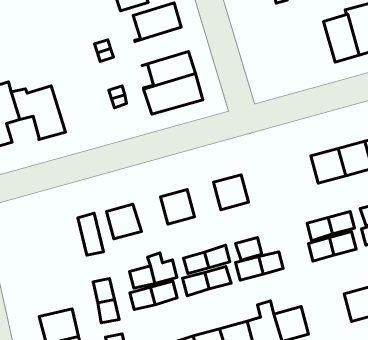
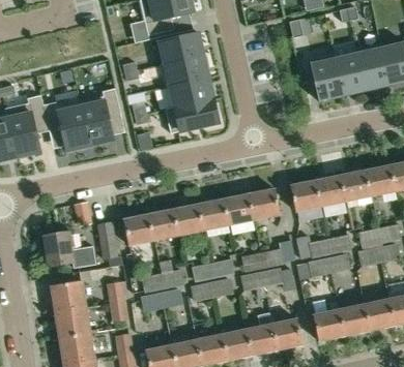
building: none -> [310,57,343,100]
building: none -> [160,54,208,87]
building: none -> [80,88,121,144]
building: none -> [290,180,320,211]
building: none -> [250,188,281,219]
building: none -> [199,198,229,230]
building: none -> [148,209,179,240]
building: none -> [261,239,295,268]
building: none -> [42,232,95,267]
building: none -> [51,280,86,312]
building: none -> [313,309,343,340]

